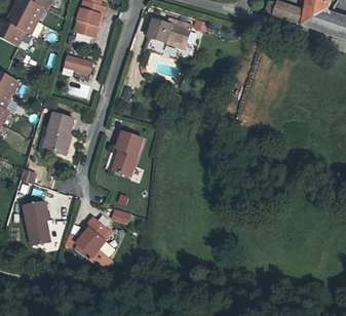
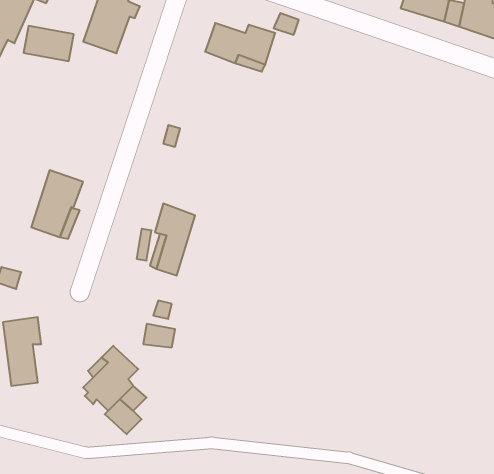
building: [63,53,93,75] -> [24,26,74,61]

